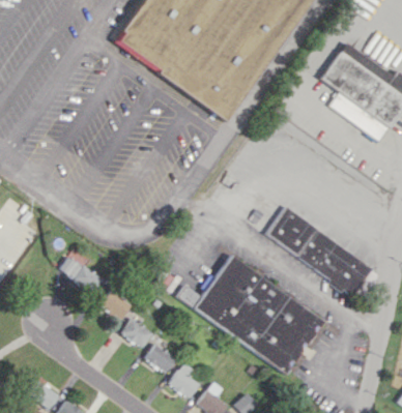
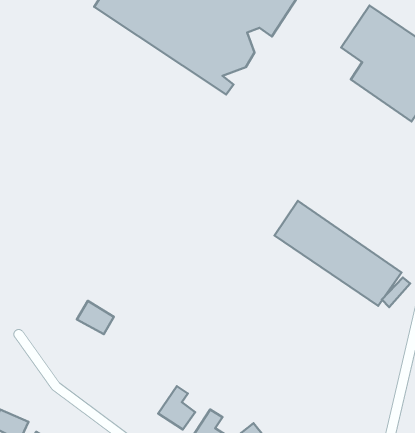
building: [58,255,103,293] -> none
building: [176,255,323,373] -> none
building: [121,318,151,346] -> none
building: [145,344,176,372] -> none

